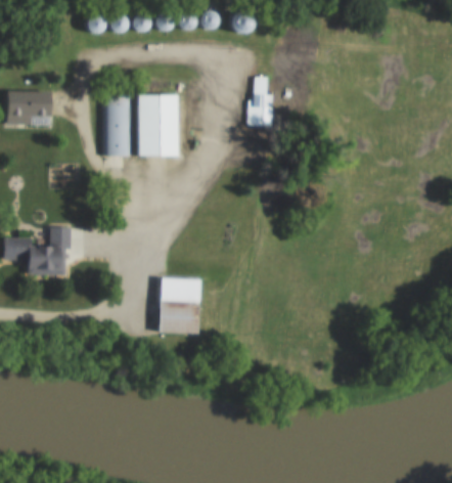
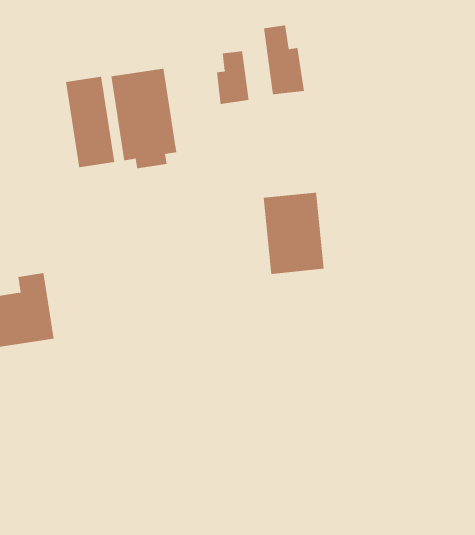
building: none -> [217,50,249,105]
building: [156,277,198,335] -> [263,192,324,274]

